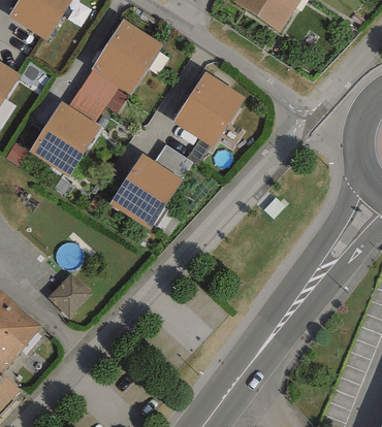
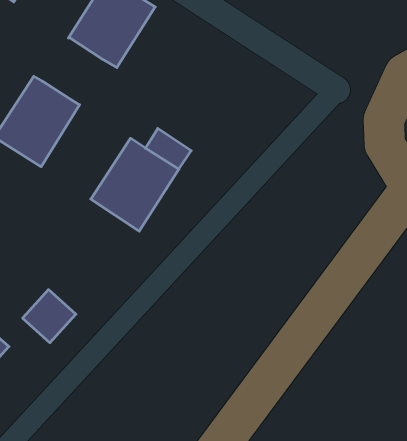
building: [68,69,118,122] -> none
building: [171,71,244,146] -> none

